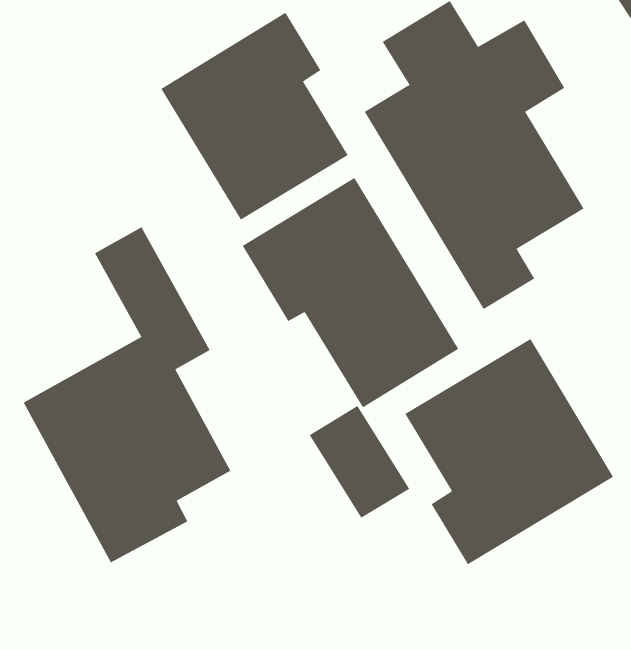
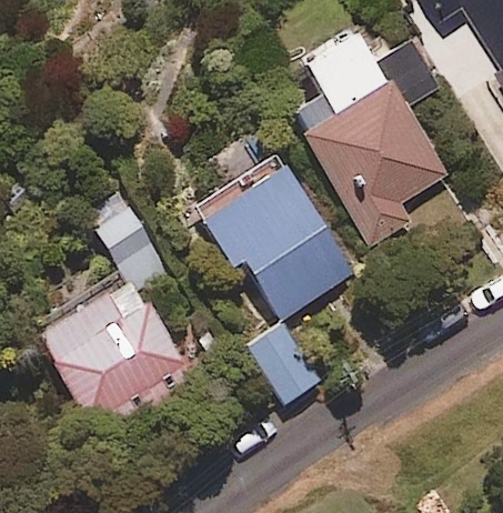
building: [160,12,349,221] -> none
building: [405,338,614,565] -> none

